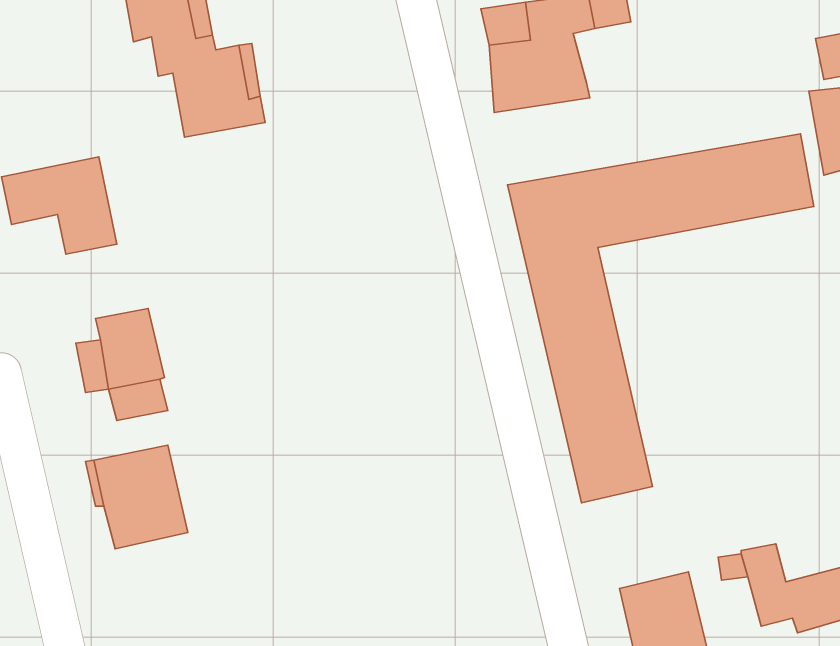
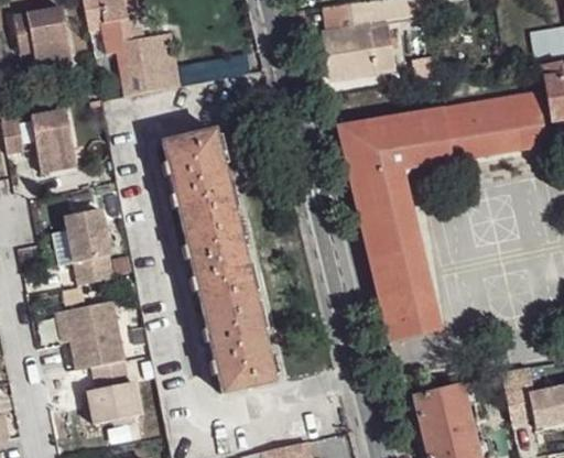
building: none -> [14,8,74,73]
building: none -> [162,129,274,392]
building: none -> [88,379,141,422]

